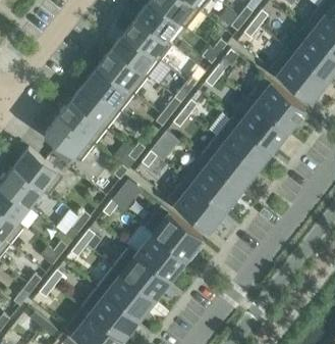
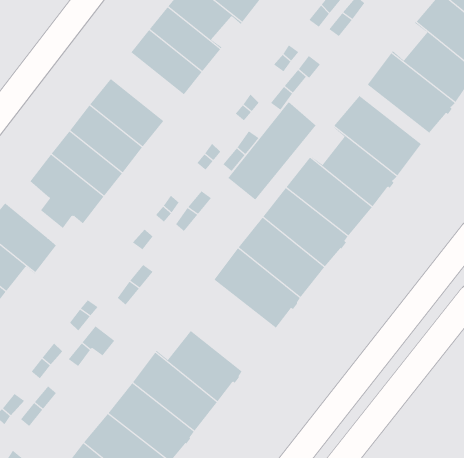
building: [98,49,147,95] -> none
building: none -> [228,101,316,201]
building: [143,207,202,263] -> none

